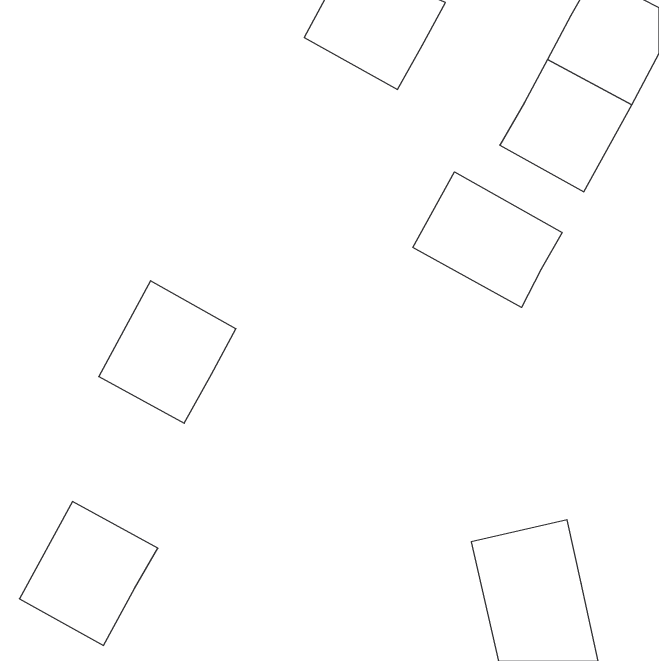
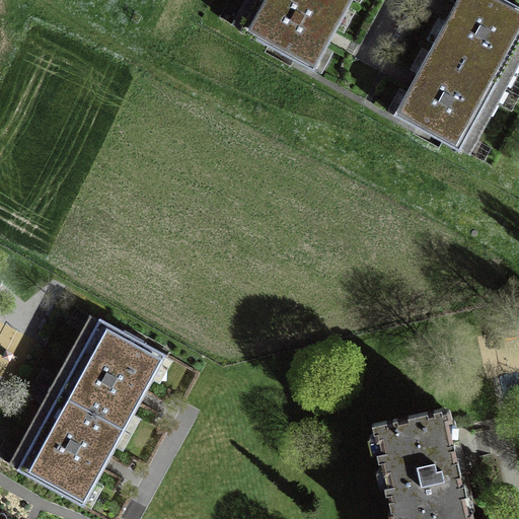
building: [413,172,562,307] -> none
building: [99,281,236,423] -> [57,317,164,429]

